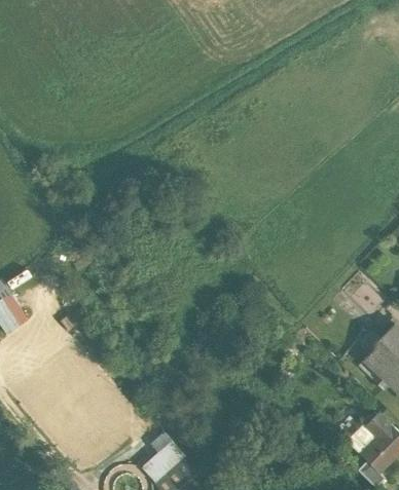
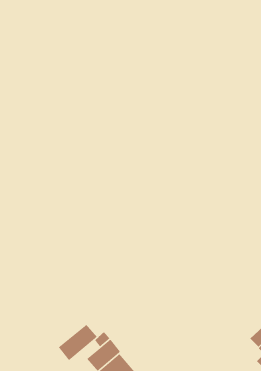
building: none -> [58,324,98,361]

